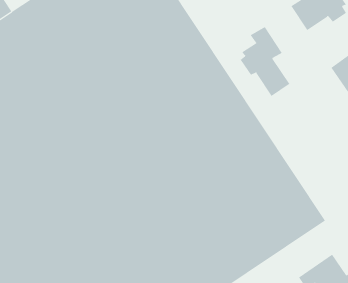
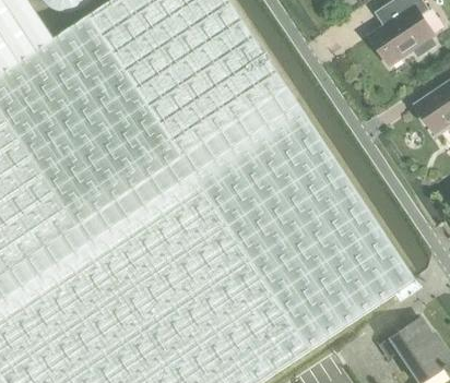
building: [240,26,290,97] -> none

